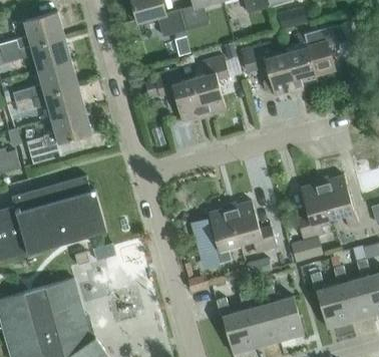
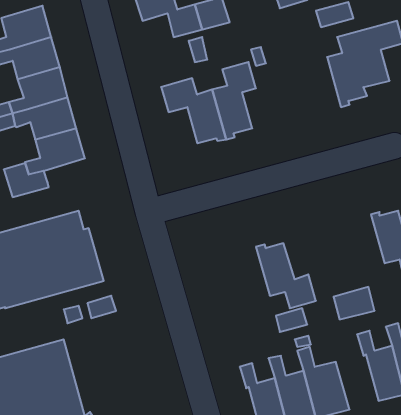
building: [241,43,297,95] -> none
building: [297,178,332,240] -> none
building: [197,205,240,268] -> none

